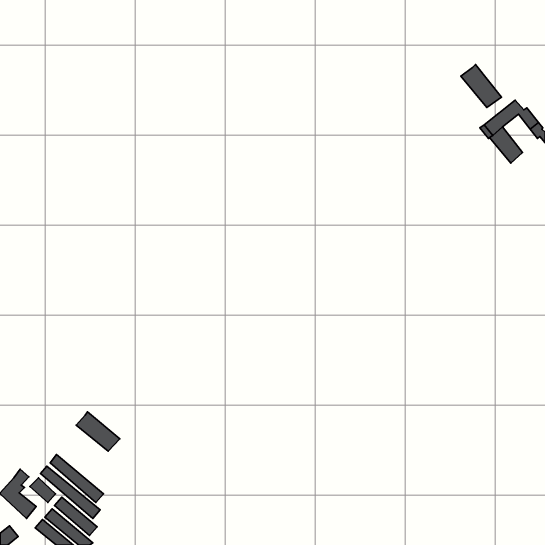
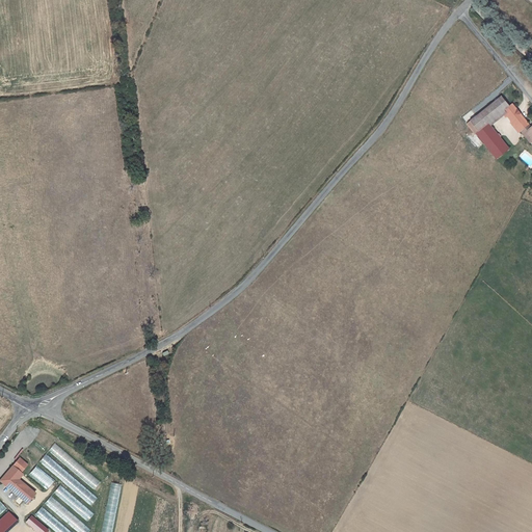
building: [461,65,501,108] -> none
building: [76,412,120,451] -> none

